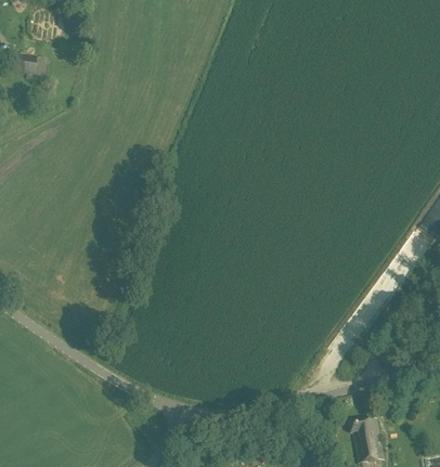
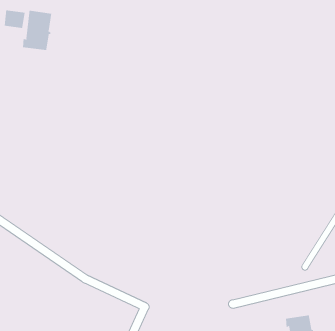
building: none -> [22,10,52,51]

